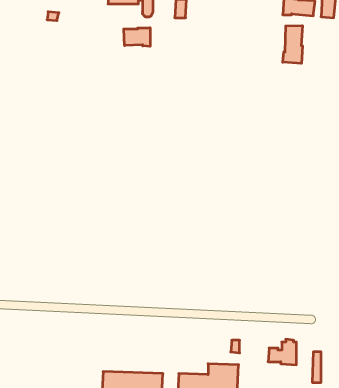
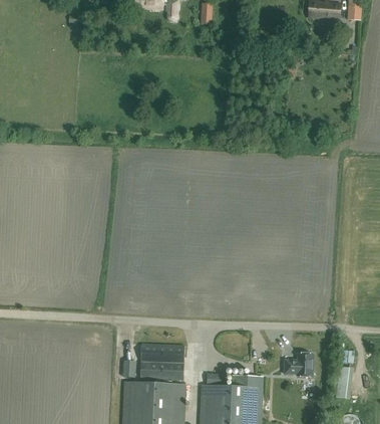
building: [283,26,302,63] -> none
building: [124,28,150,46] -> none
building: none -> [139,346,183,381]

